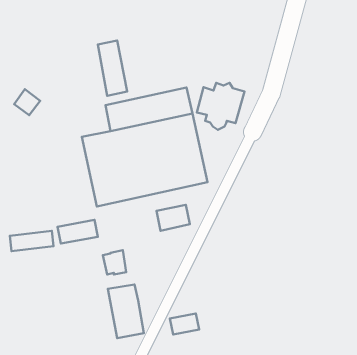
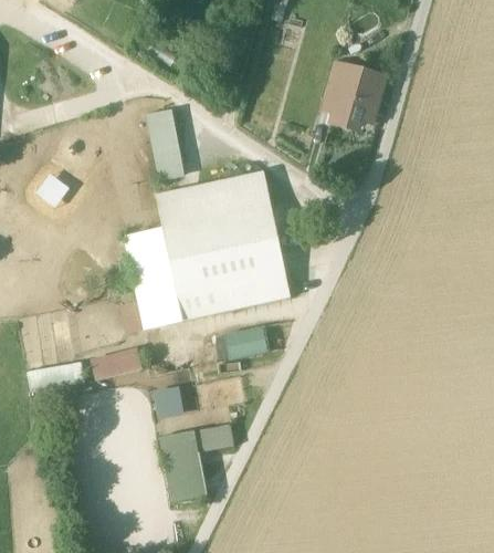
building: [197,83,245,130] -> [320,69,383,131]
building: [170,314,199,335] -> [195,425,233,452]

